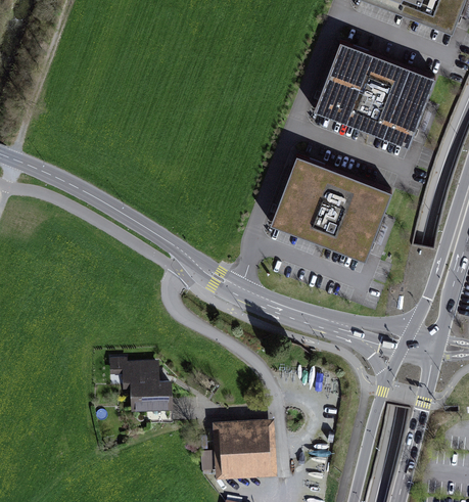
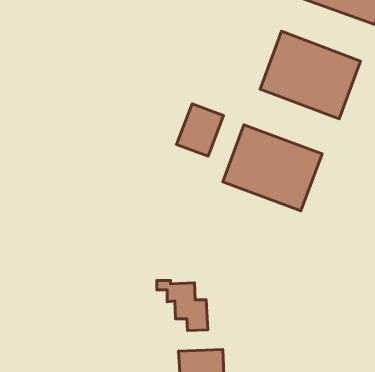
building: none -> [176,104,223,156]
building: [109,362,171,422] -> [157,280,208,331]

